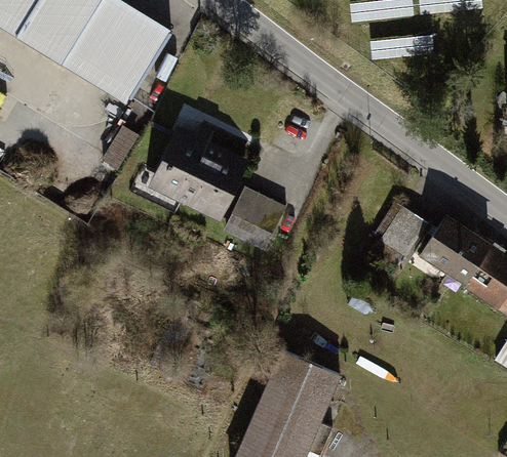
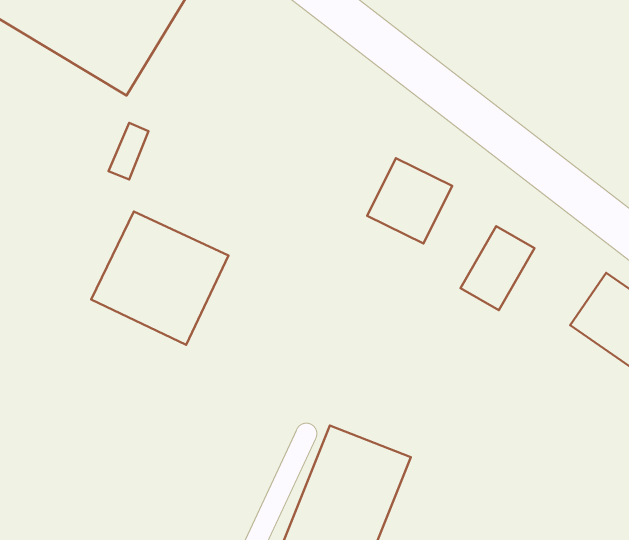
building: [149,122,251,221] -> [91,211,229,345]
building: [225,182,288,246] -> [367,158,452,243]
building: [423,215,482,276] -> none

